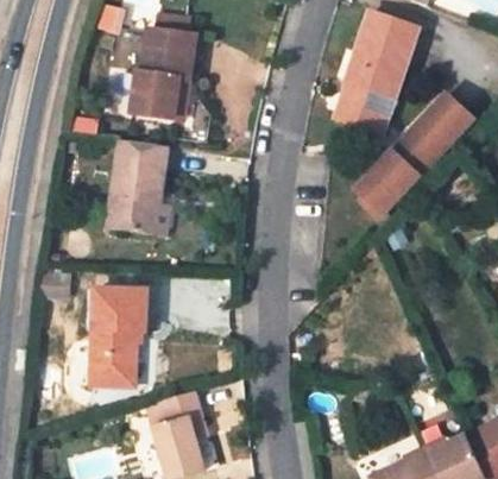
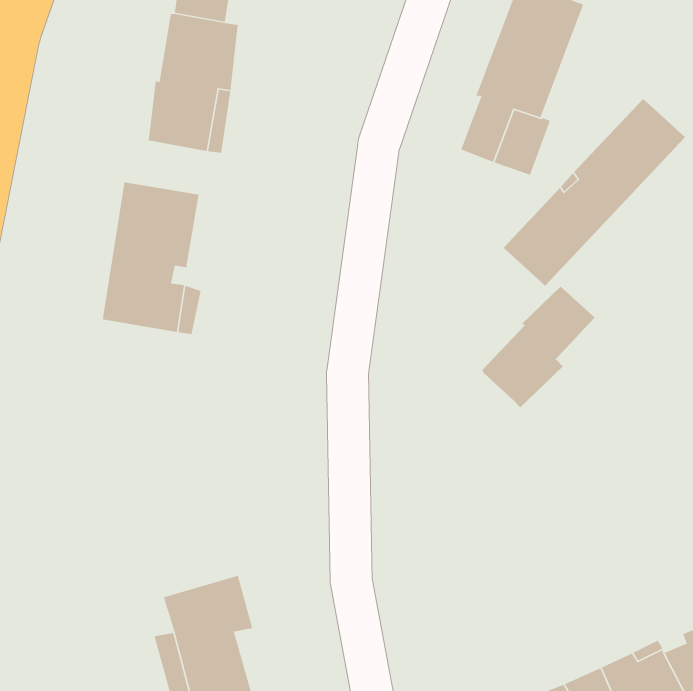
building: none -> [481,286,595,408]
building: [92,290,150,387] -> none

